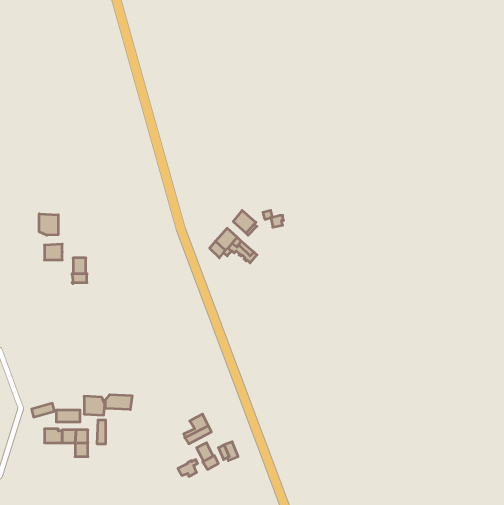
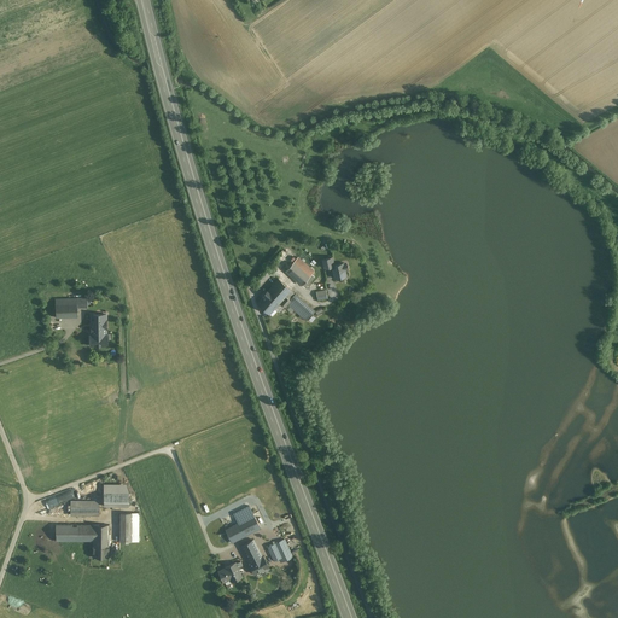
building: [39,214,58,235] -> none
building: [105,395,132,410] -> none

